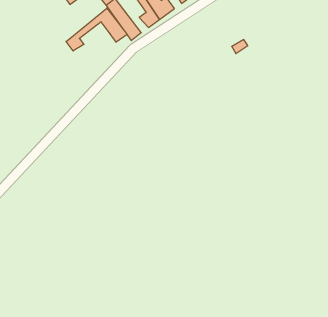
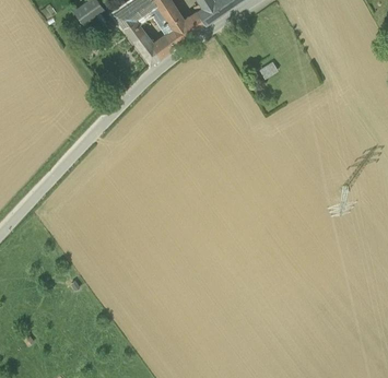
building: [66,8,127,51] -> none

